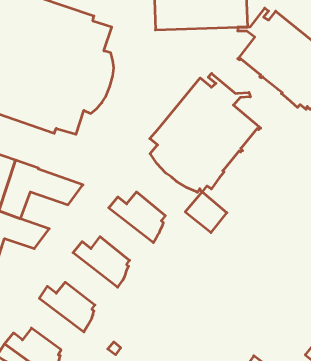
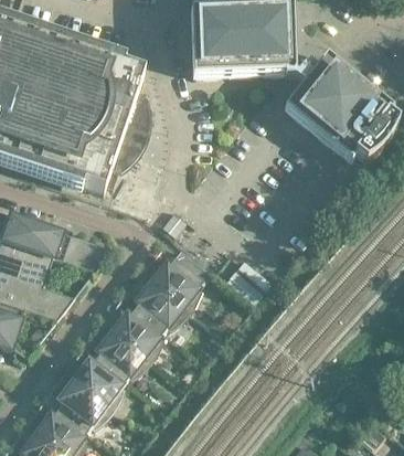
building: [150,73,261,192] -> none
building: none -> [130,272,190,330]
building: none -> [92,321,150,380]
building: none -> [53,372,113,430]

